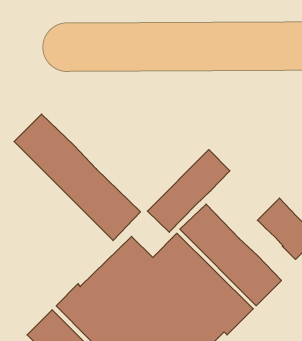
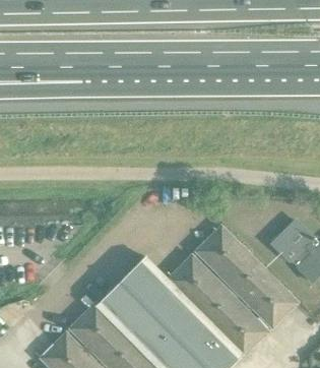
building: [14,114,140,241] -> none
building: [147,150,230,232] -> none

